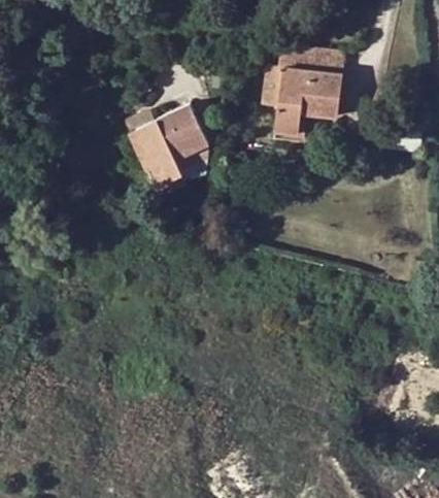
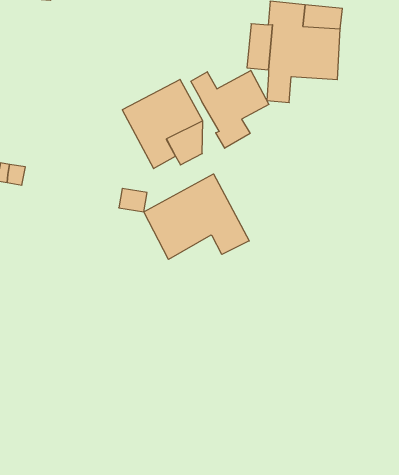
building: none -> [191,70,269,148]
building: none -> [144,174,249,259]

